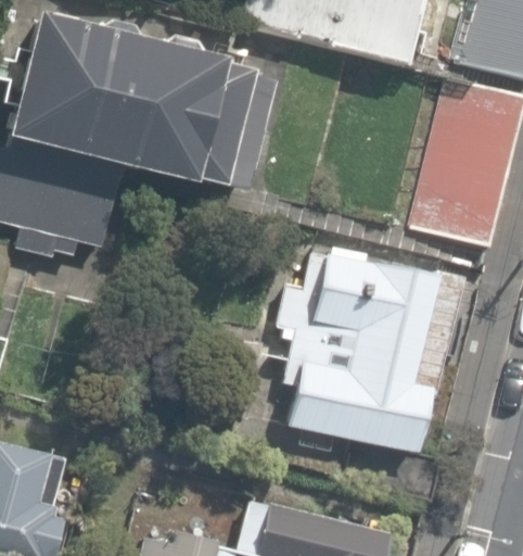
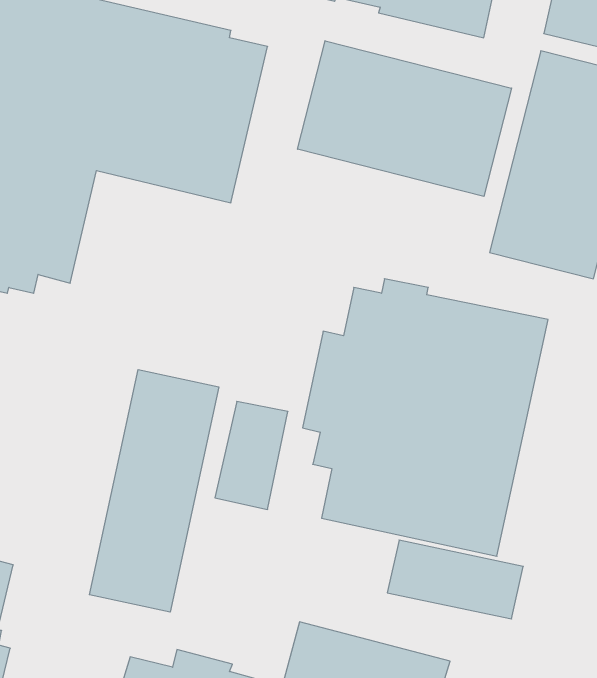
building: none -> [298,41,512,196]
building: none -> [89,370,219,612]

